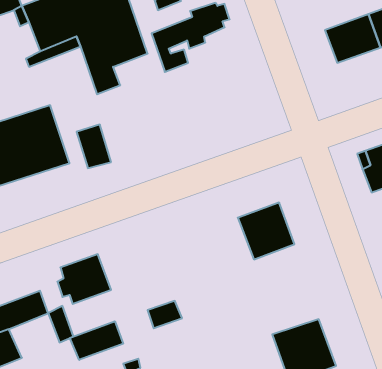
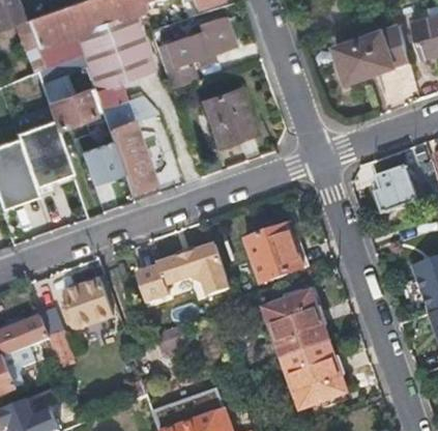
building: none -> [46,88,94,128]
building: none -> [202,88,253,144]
building: none -> [101,104,155,191]
building: none -> [141,245,231,303]
building: none -> [262,291,328,358]
building: [70,321,123,360] -> none

